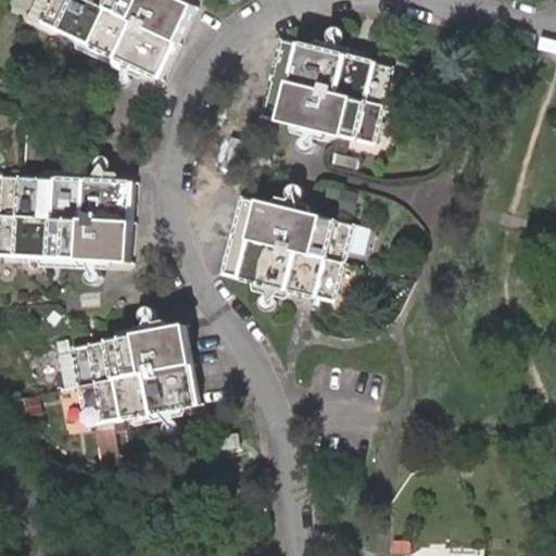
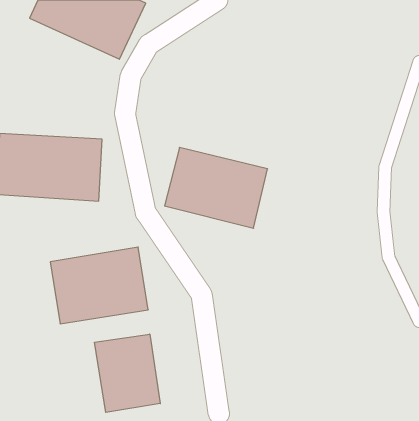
building: [255,36,392,143] -> none
building: none -> [95,334,160,412]

